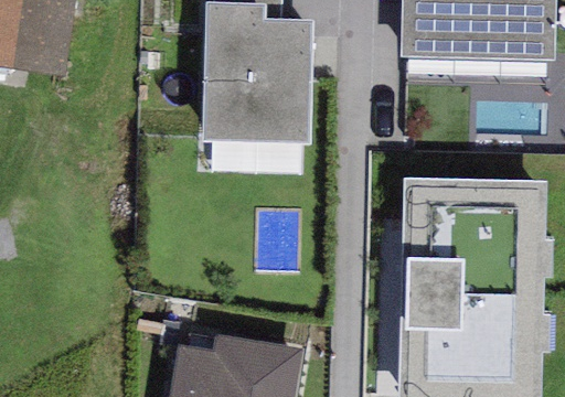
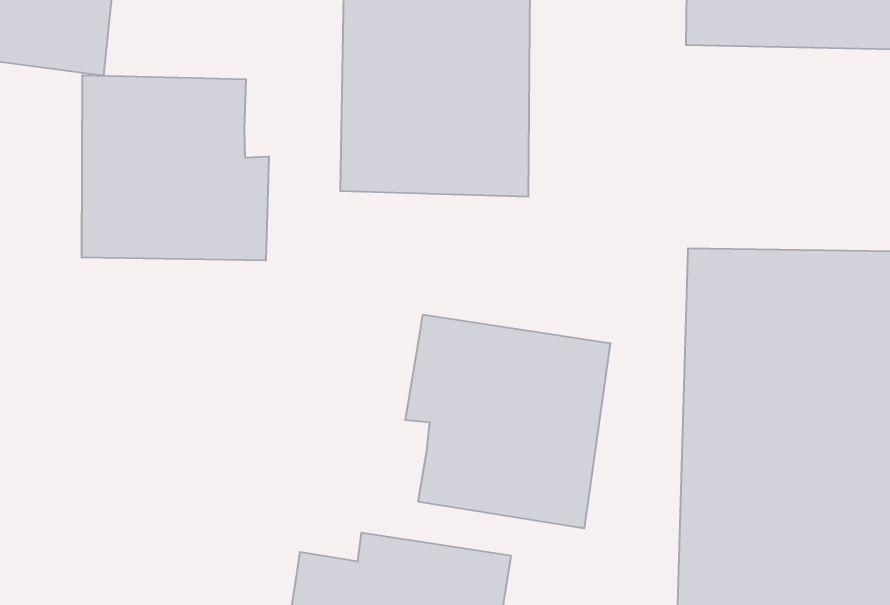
building: none -> [82,75,269,261]
building: none -> [405,315,610,529]

